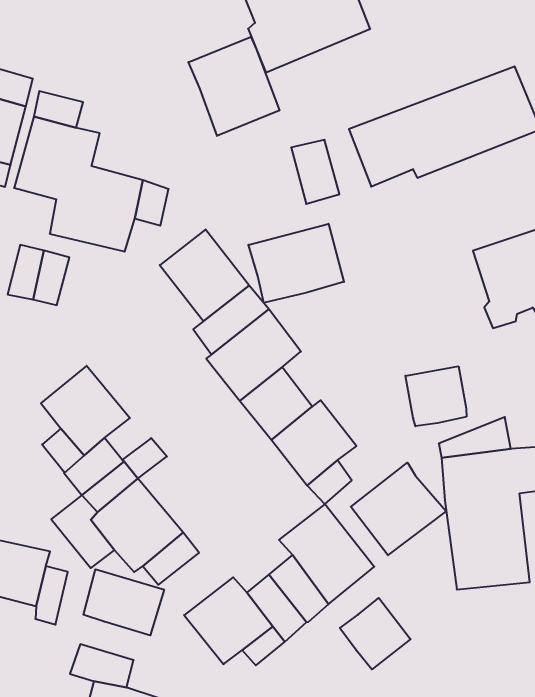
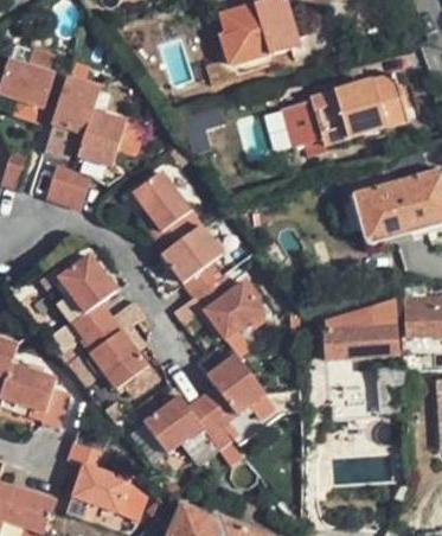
building: [188,37,279,136] -> none
building: [248,224,344,303] -> none
building: [405,366,466,426] -> none
building: [351,463,446,555] -> none
building: [83,569,164,635] -> none
building: [340,598,411,669] -> none

